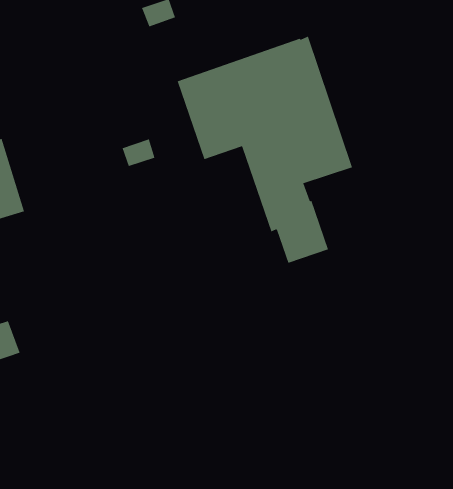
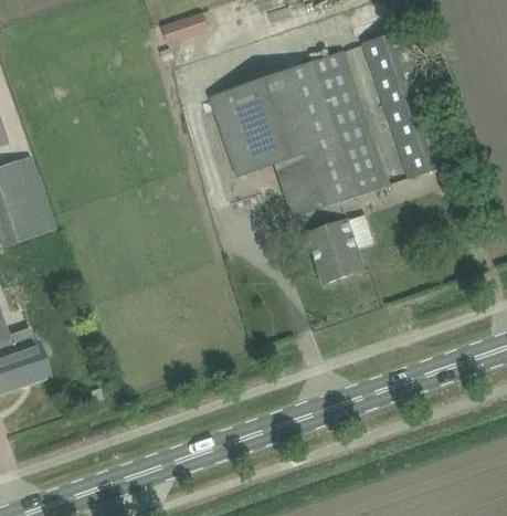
building: none -> [361,29,450,178]
building: [122,139,155,167] -> none

